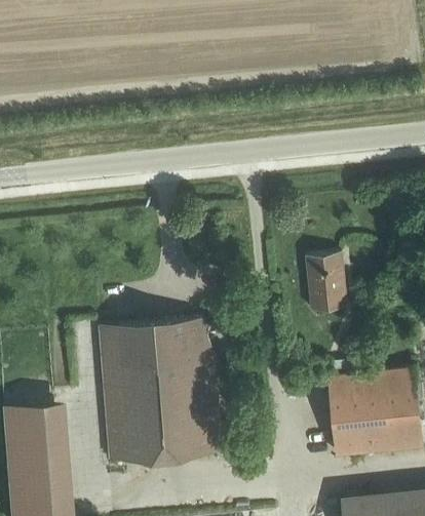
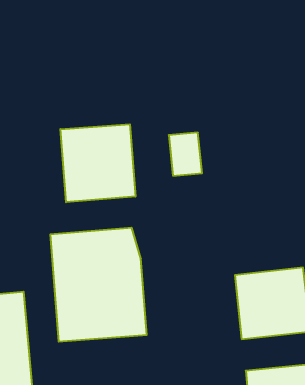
building: none -> [60,124,135,202]
building: [304,255,345,309] -> [169,133,202,176]

